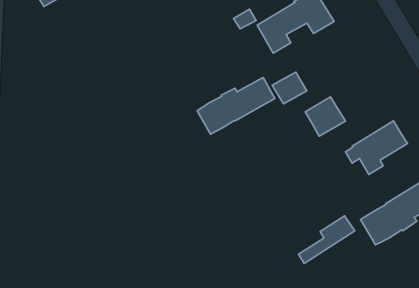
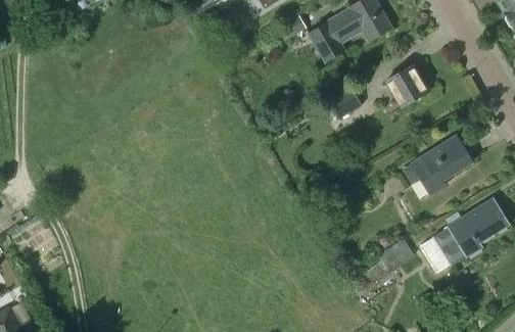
building: [197,77,275,134] -> none
building: [305,97,345,136] -> [386,62,430,105]

